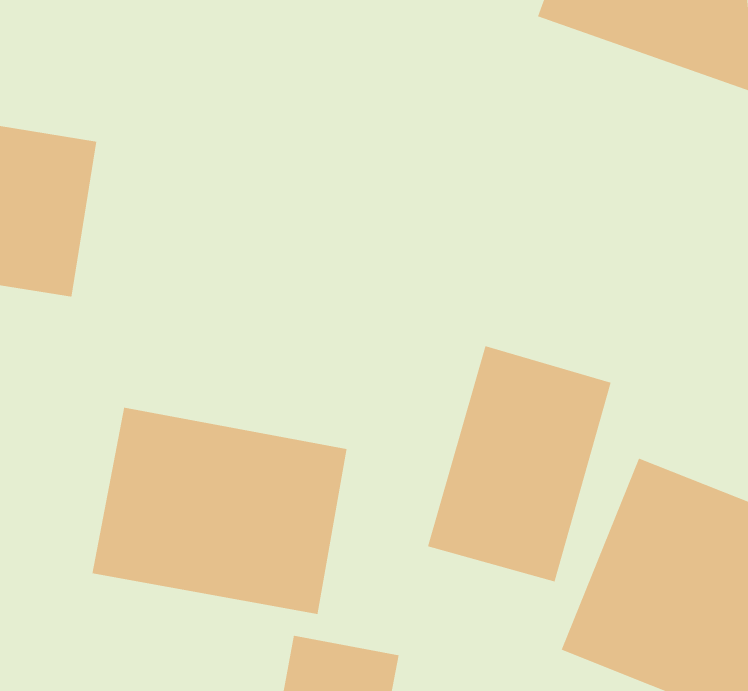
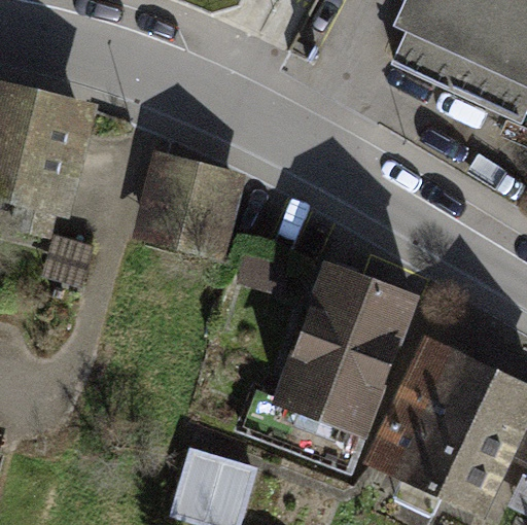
building: none -> [136,152,243,258]
building: [92,407,347,615] -> none

